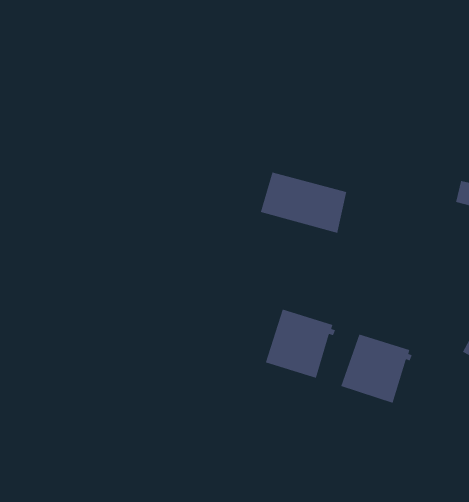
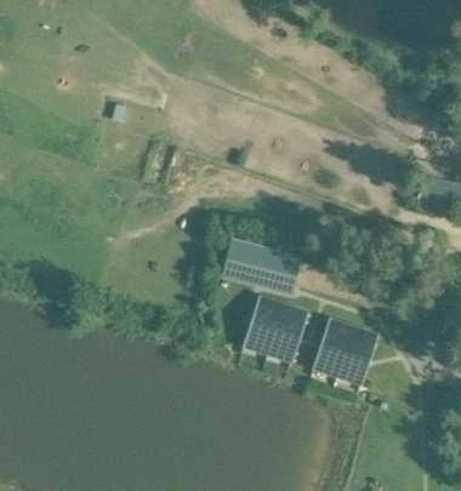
building: [260,172,347,234] -> [221,239,301,296]

